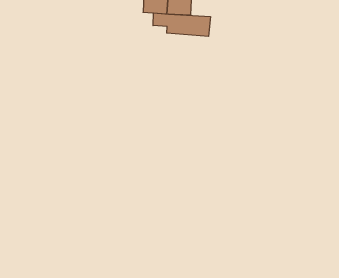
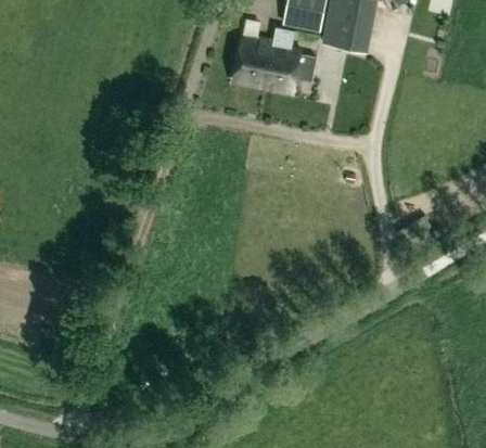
building: [153,13,210,36] -> none

